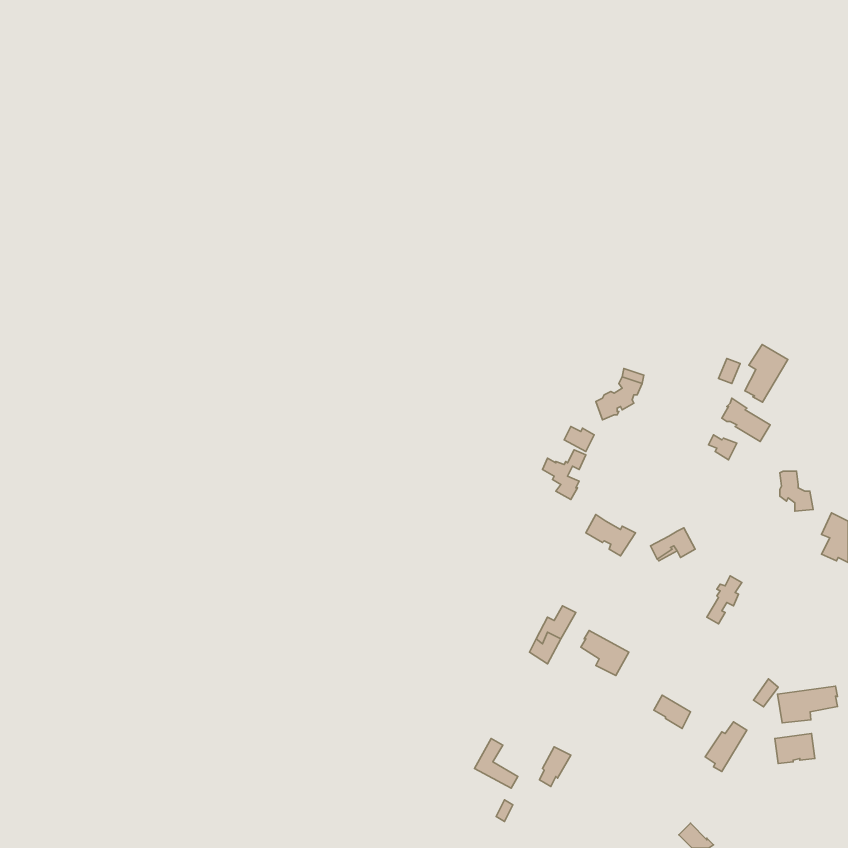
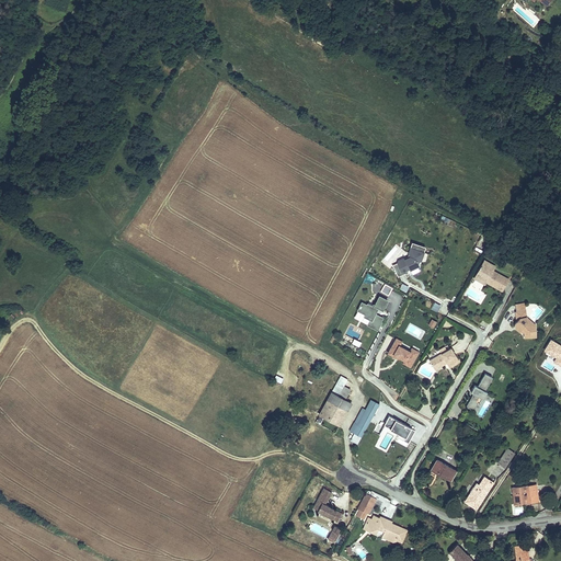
building: [745,345,788,402] -> none
building: none -> [319,392,351,425]
building: [778,686,838,723] -> none
building: none -> [366,516,407,541]

